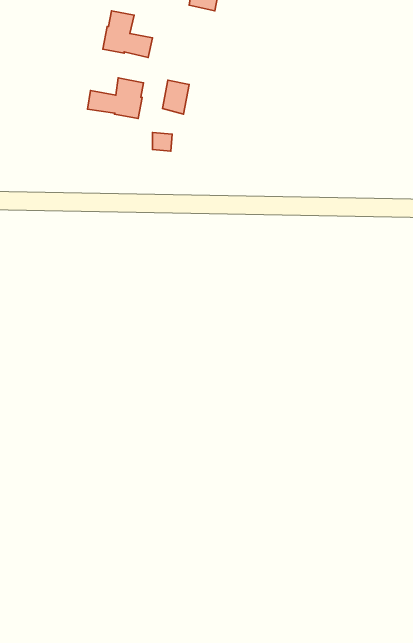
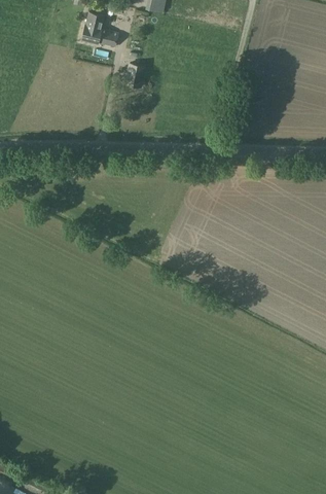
building: [88,78,143,119] -> none

